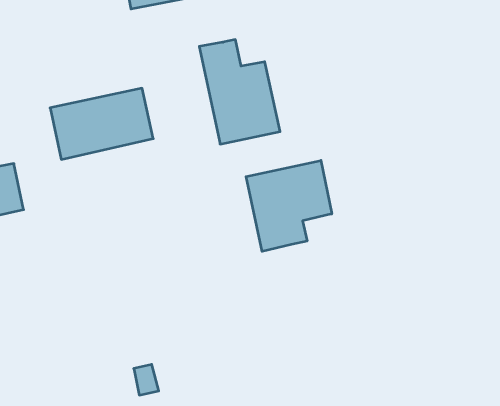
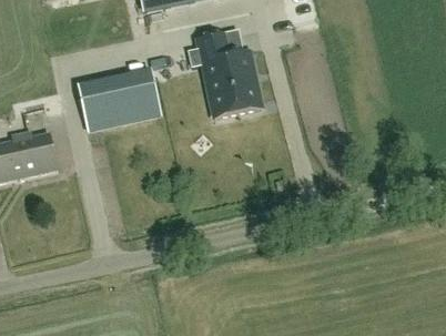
building: [246,160,332,251] -> none

